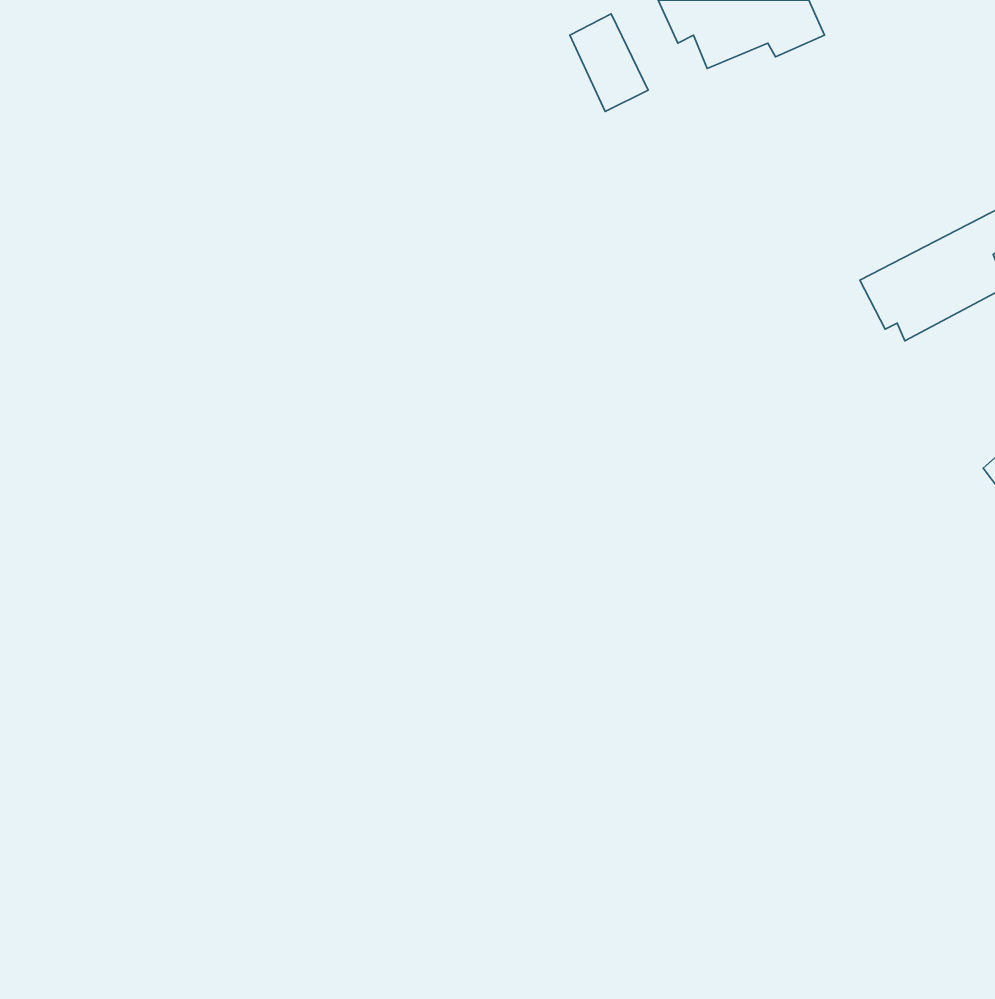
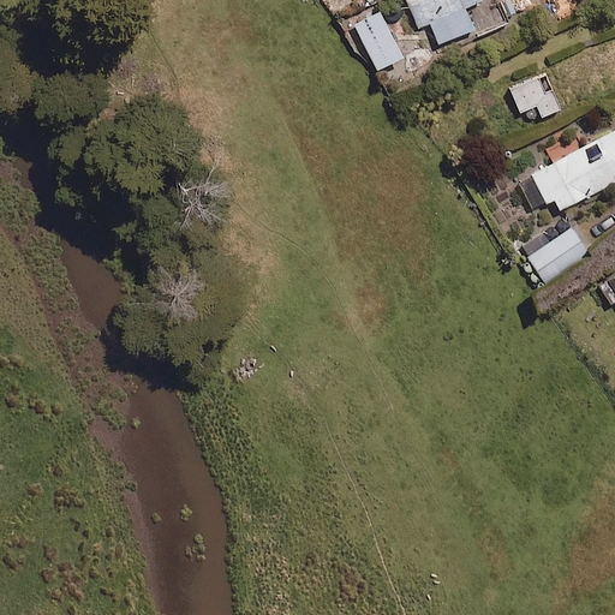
building: none -> [509,74,561,117]
building: none -> [527,228,586,281]

